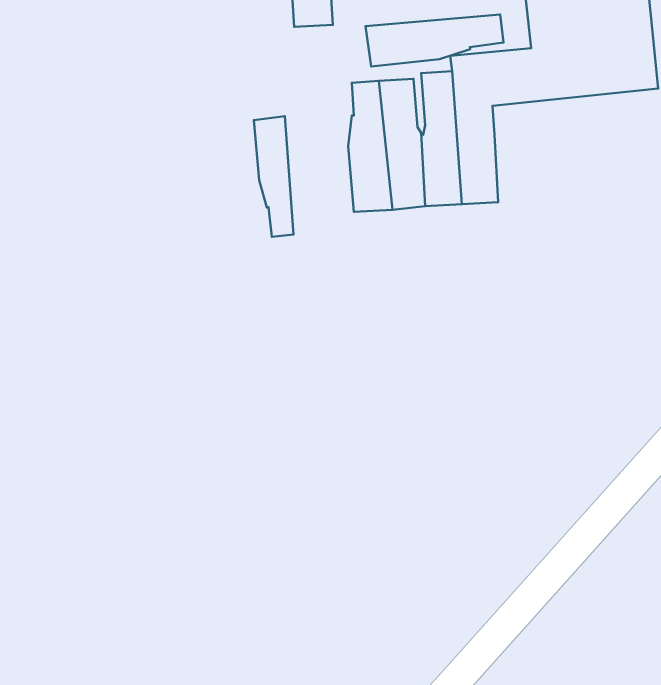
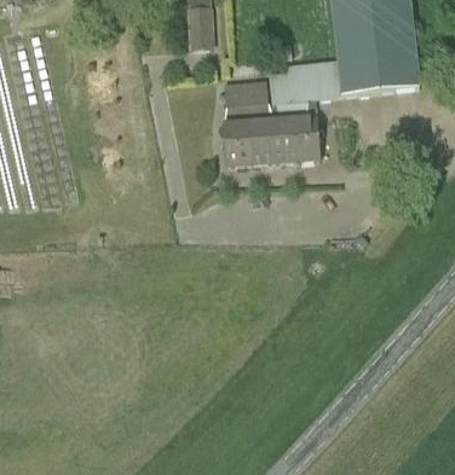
building: [366,14,504,66] -> none
building: [254,116,294,237] -> none

